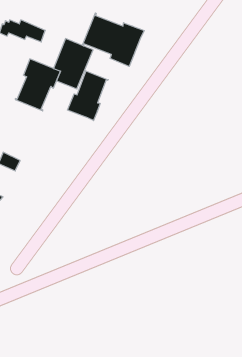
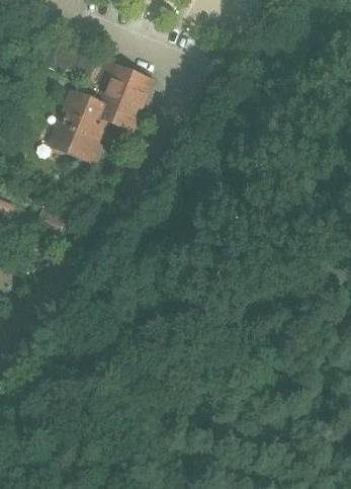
building: [83,13,144,66] -> none
building: [68,71,108,121] -> none

